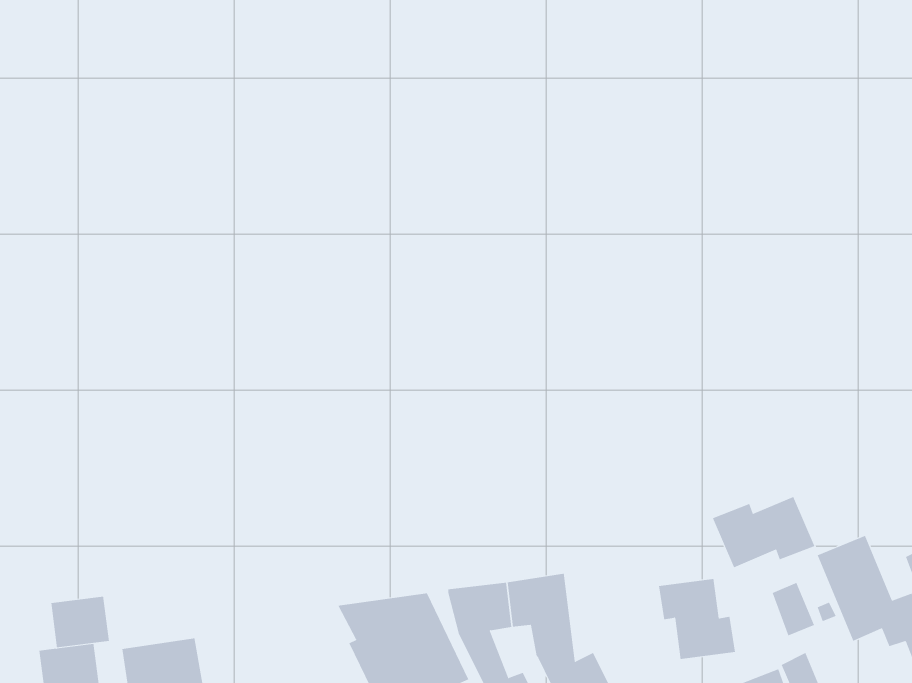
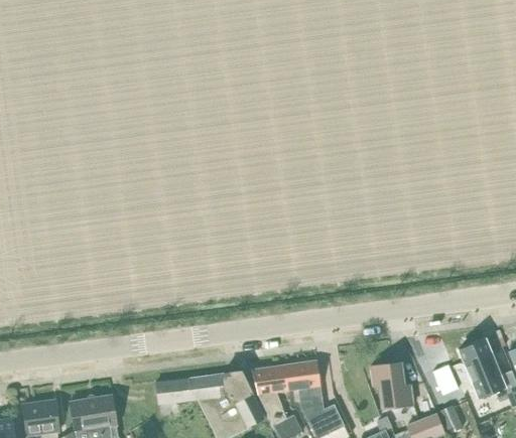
building: [712,496,815,568] -> none
building: [51,596,109,648] -> none
building: none -> [155,379,201,405]

